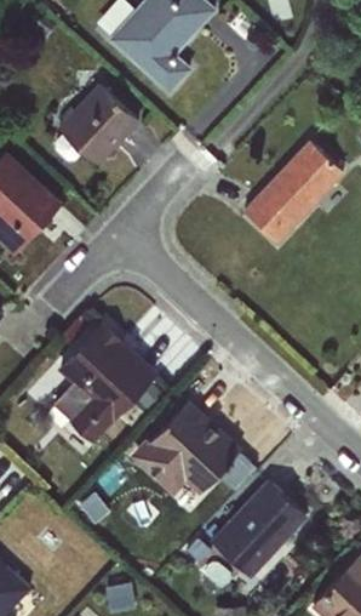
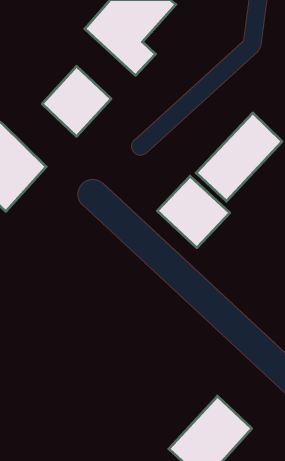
building: none -> [157,176,230,248]
building: [52,321,159,445] -> none
building: [128,399,242,497] -> none

